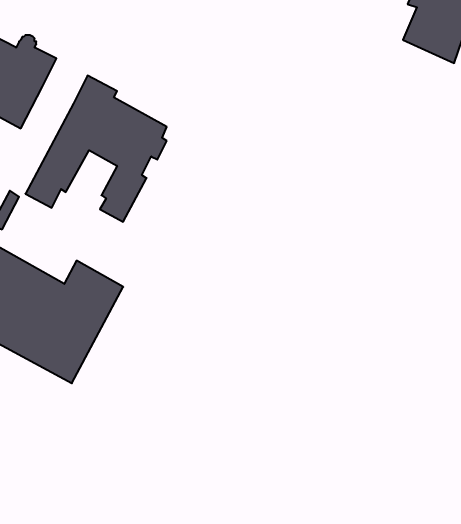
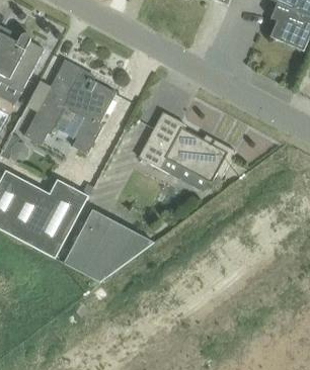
building: none -> [138,111,235,191]
building: none -> [64,209,153,281]

